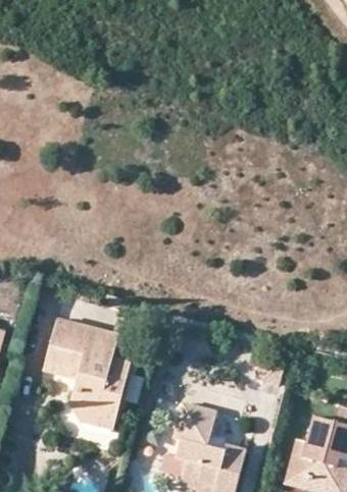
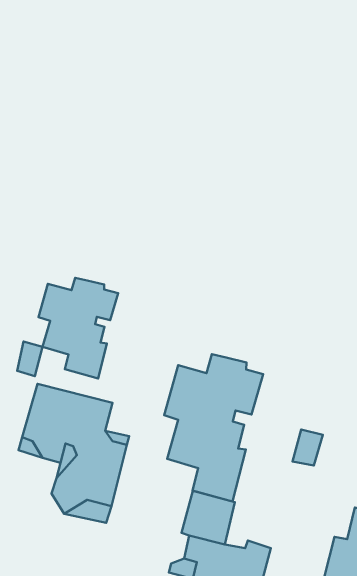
building: none -> [39,278,118,378]
building: none -> [164,354,263,502]

